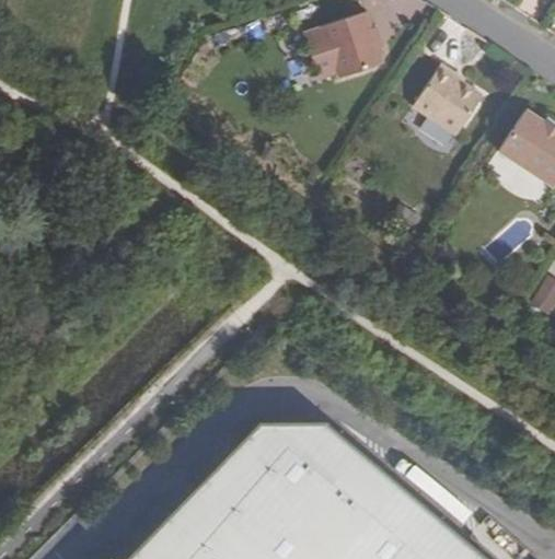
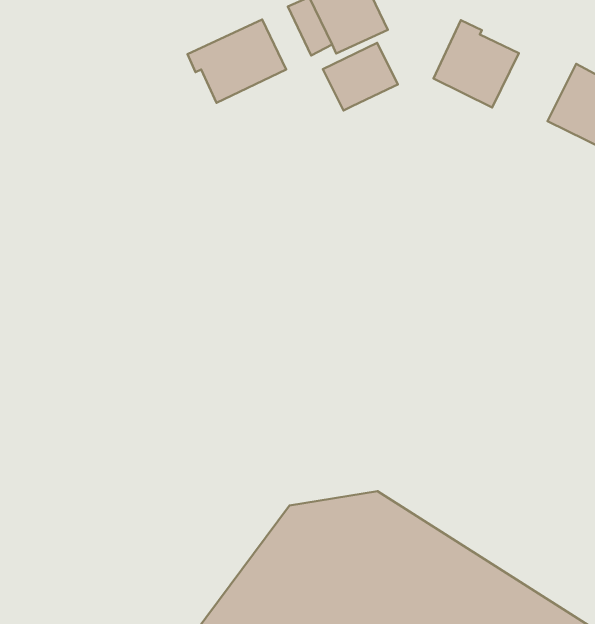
building: none -> [187,20,286,103]
building: none -> [323,43,398,111]

